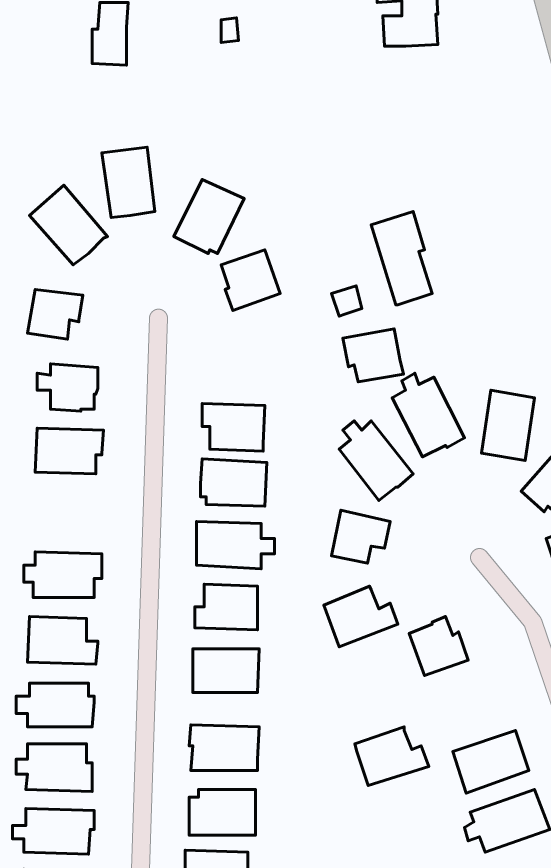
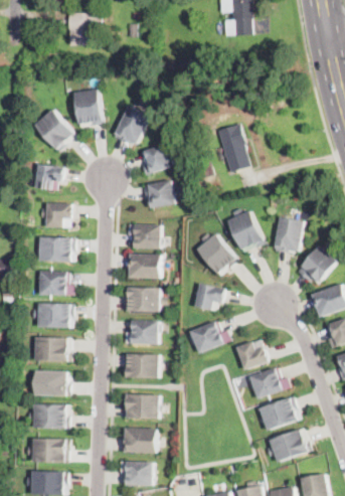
building: [343,329,404,382] -> [143,180,175,208]
building: none -> [40,272,73,296]
building: [355,727,429,786] -> [250,367,290,398]

